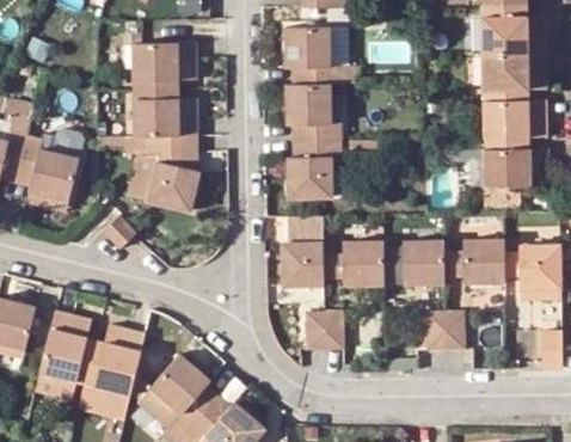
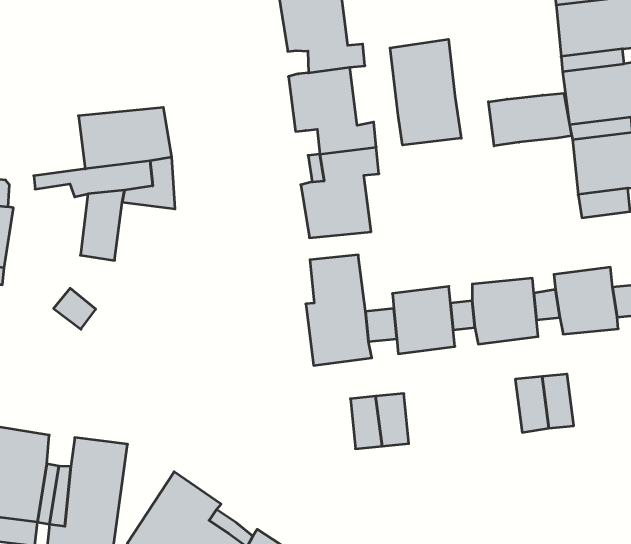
building: [131,41,196,78] -> none
building: none -> [390,39,461,145]
building: none -> [488,93,571,146]
building: [149,160,201,211] -> none

